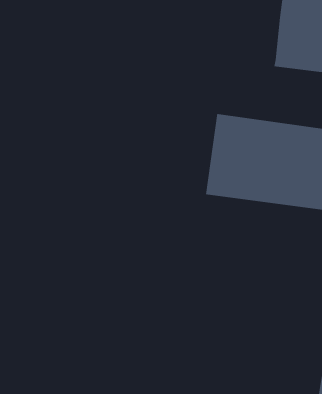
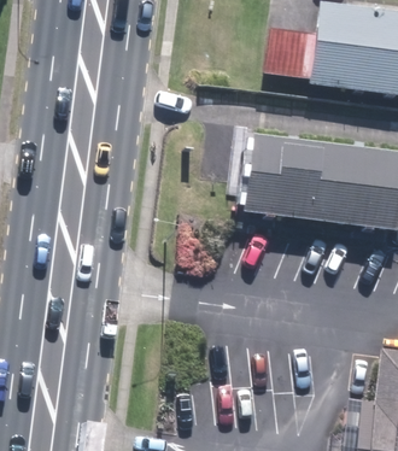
building: none -> [270,20,320,70]

